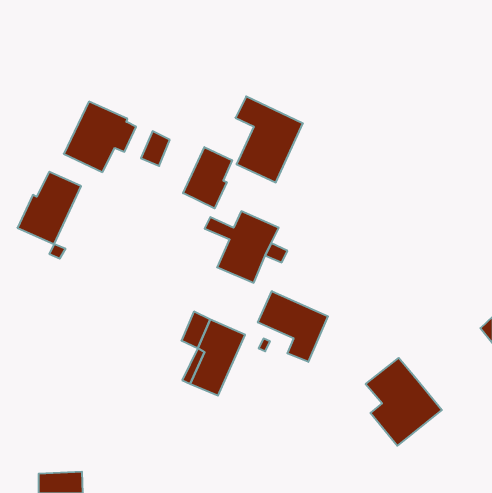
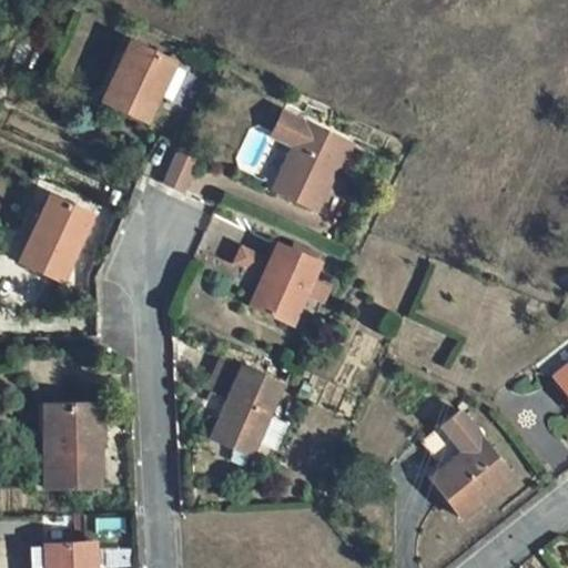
building: [64,102,136,172] -> [103,42,186,123]
building: [183,147,232,208] -> none
building: [258,291,328,362] -> none
building: none -> [39,403,104,488]

